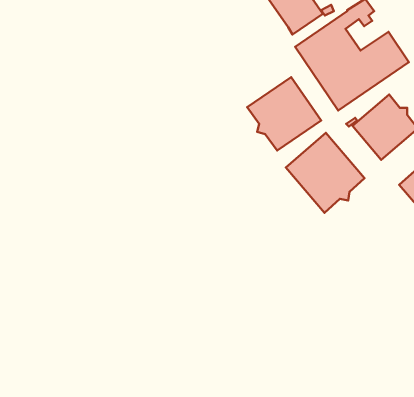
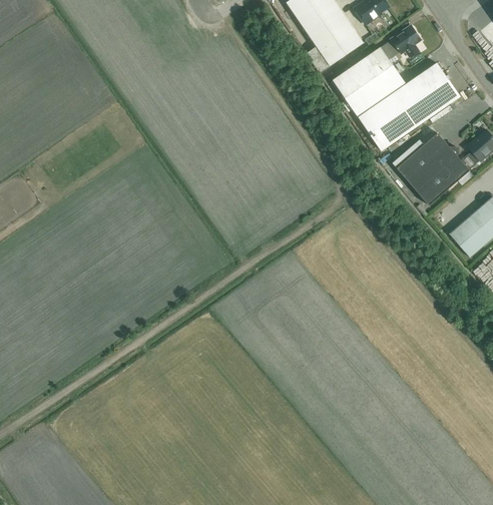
building: [247,77,321,151] -> none
building: [286,133,364,213] -> none

